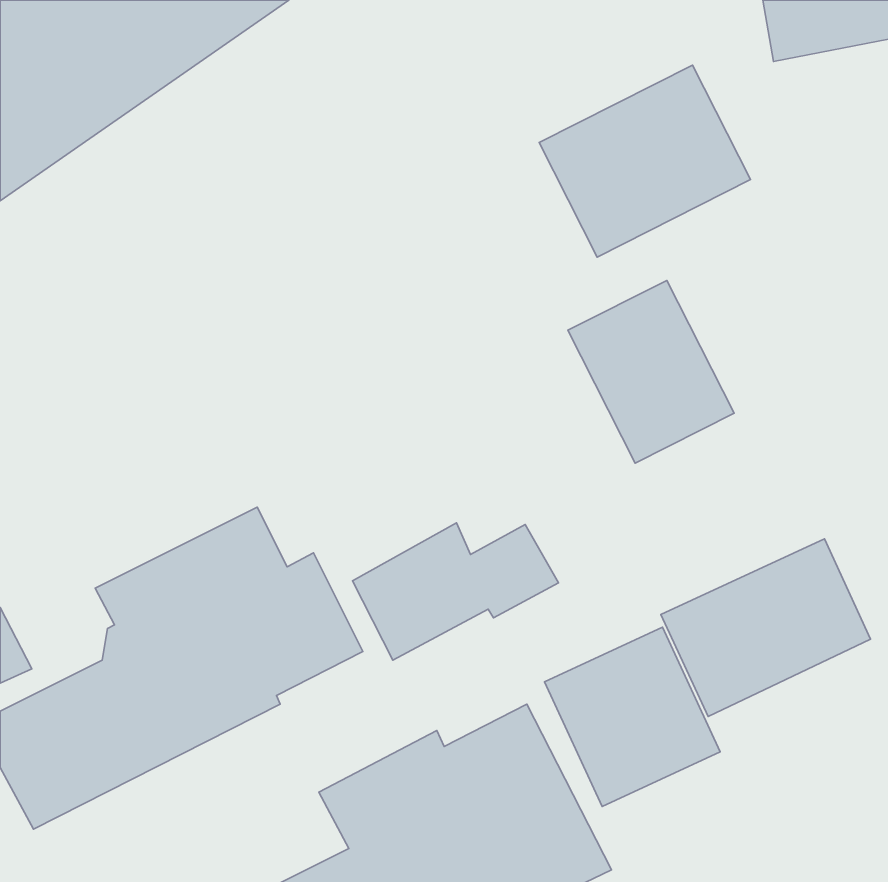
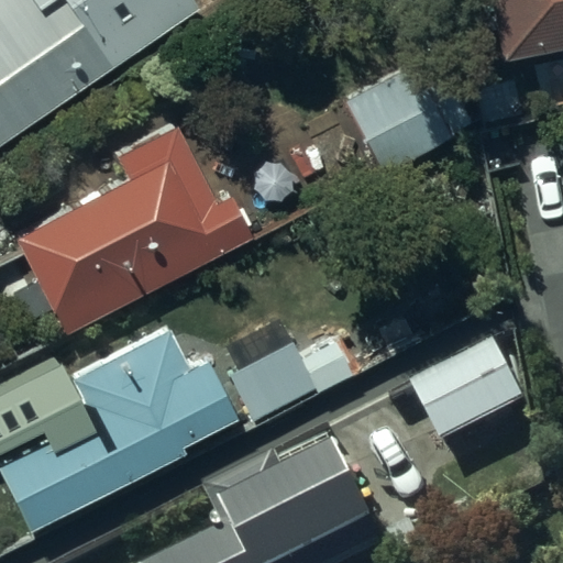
building: none -> [13,129,255,335]
building: [568,280,734,463] -> none
building: [545,627,720,806] -> none

